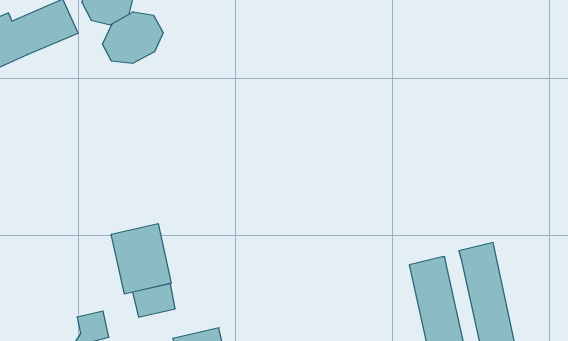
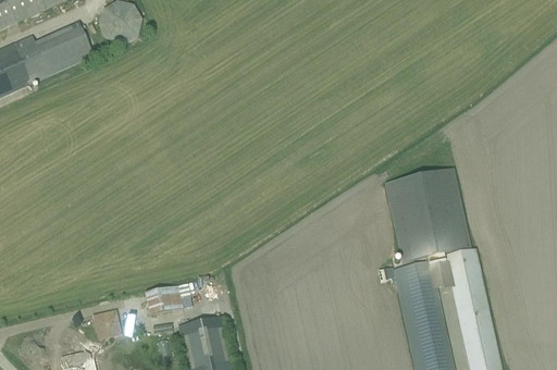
building: [103,12,163,63] -> none
building: none -> [384,169,470,266]
building: [111,224,171,294] -> none

